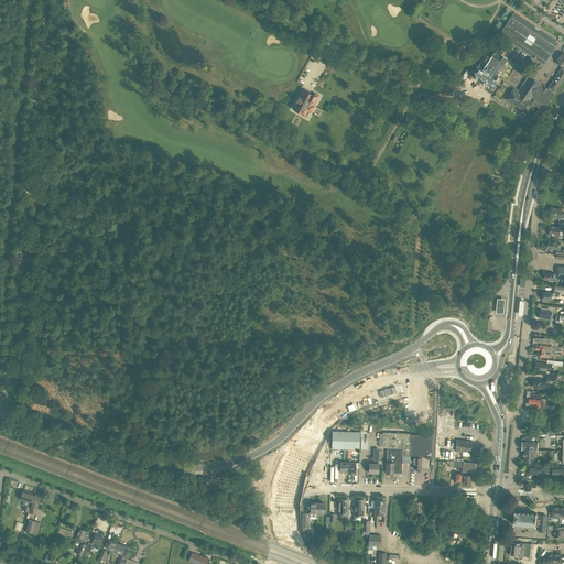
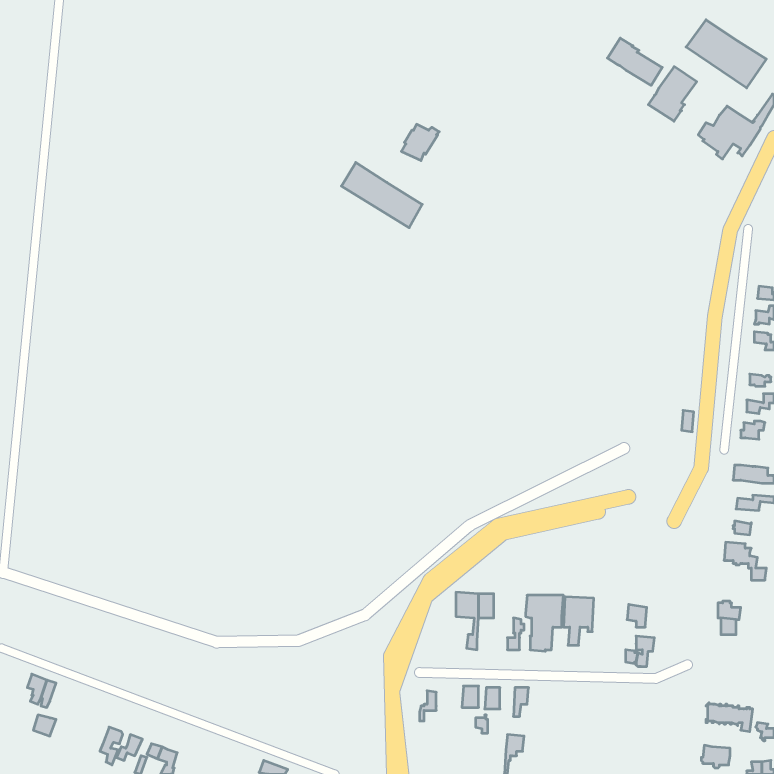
building: none -> [607,38,662,85]
building: none -> [341,162,422,228]

